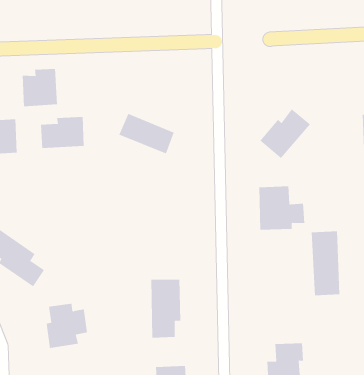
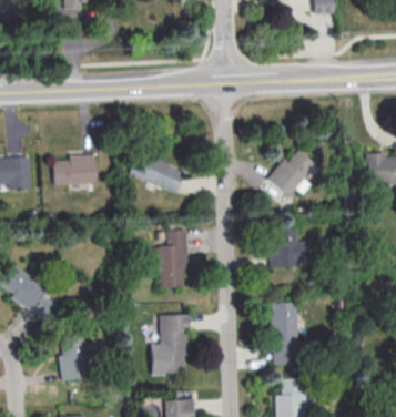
building: [22,68,57,107] -> none
building: none -> [151,228,189,286]
building: [311,231,340,296] -> [271,299,299,363]

